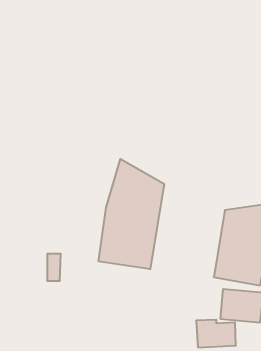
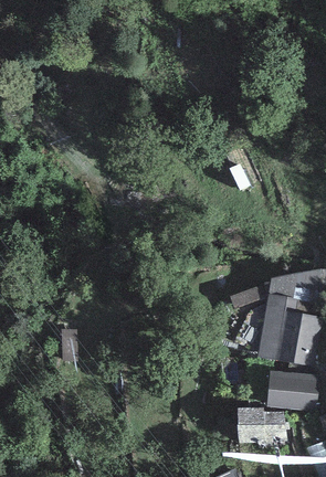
building: [99,159,164,269] -> none

